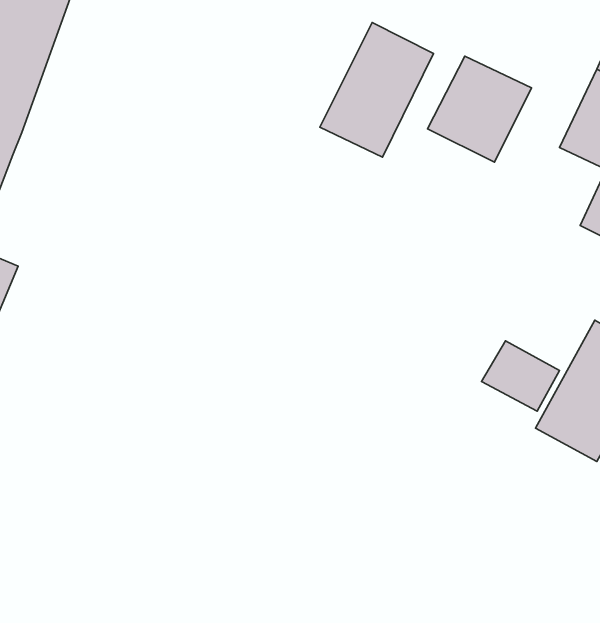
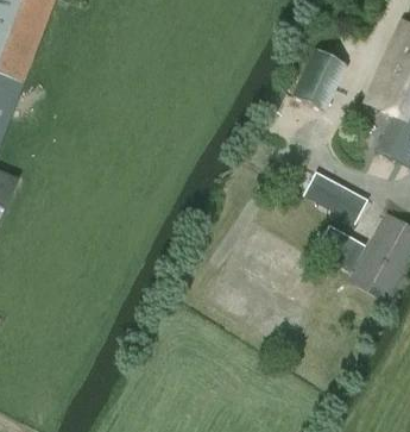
building: [320,22,433,157] -> none
building: none -> [289,163,367,223]

